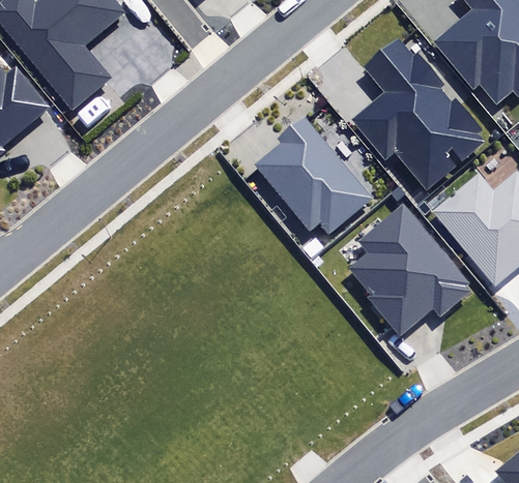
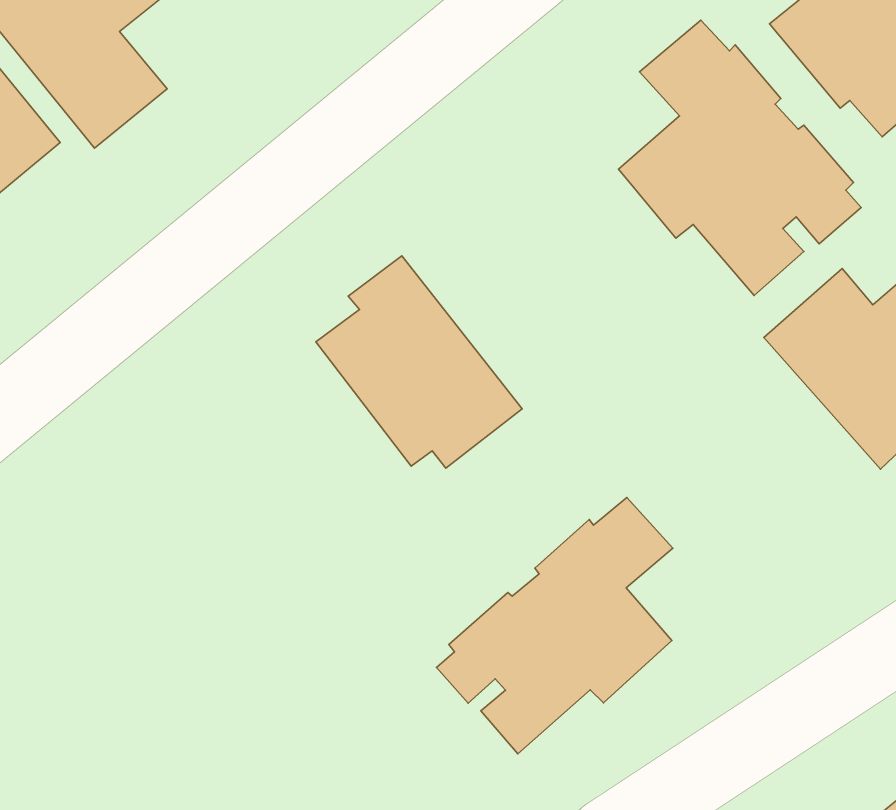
building: [258,116,370,231] -> [316,256,522,468]
building: [350,204,471,336] -> none
building: none -> [437,497,673,754]

